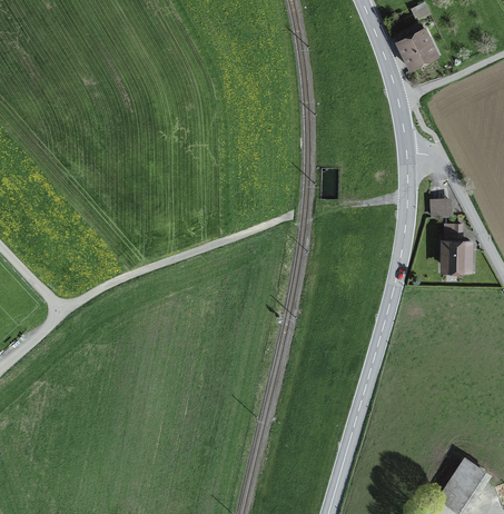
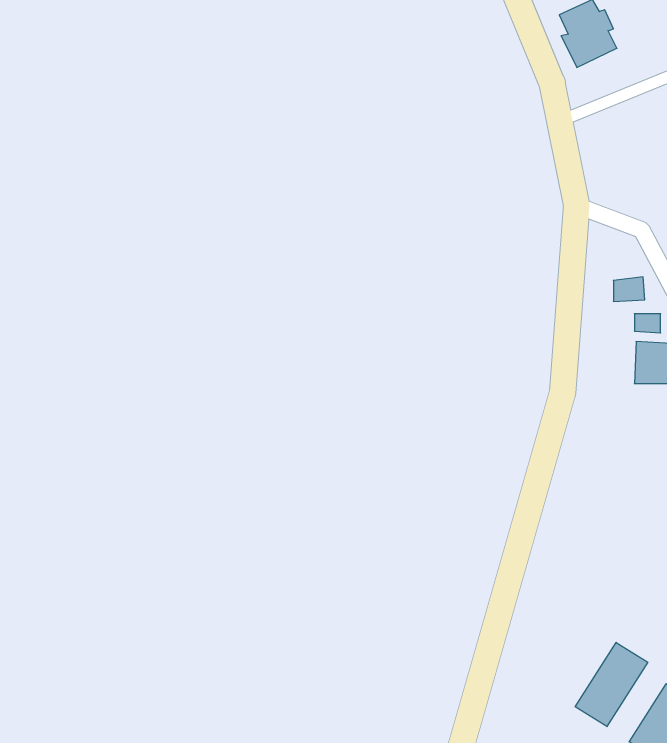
building: none -> [575,642,648,727]

